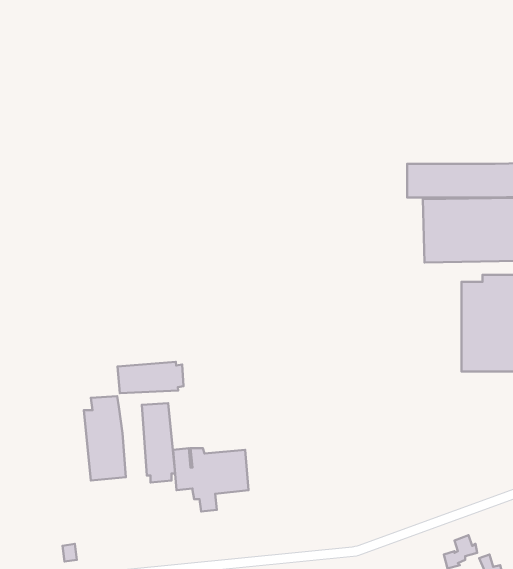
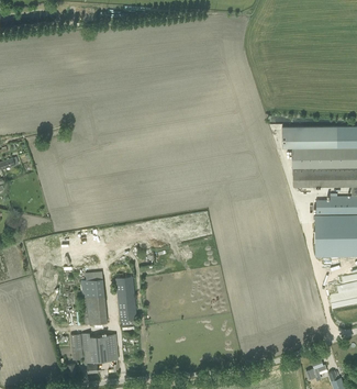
building: [118,362,184,393] -> none
building: [173,448,249,511] -> [70,333,118,373]

